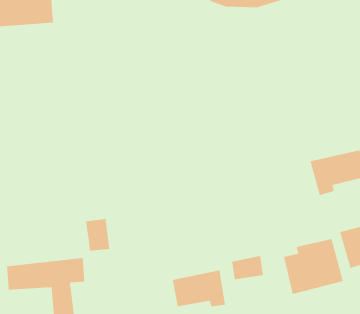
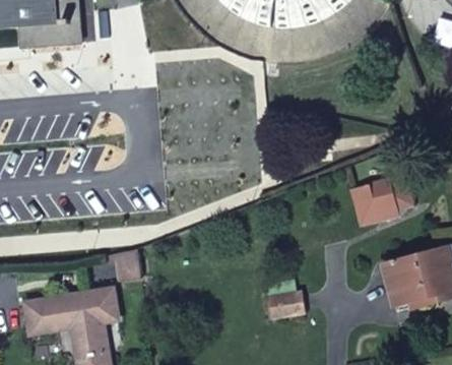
building: [283,238,344,295] -> none
building: [172,270,226,307] -> none

